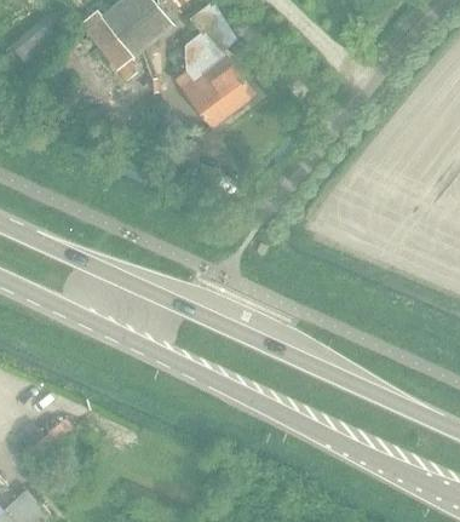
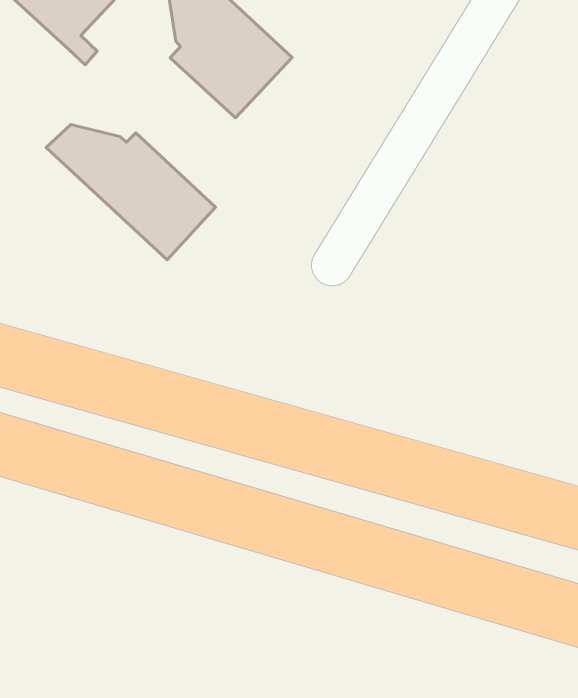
building: none -> [46,124,216,260]

